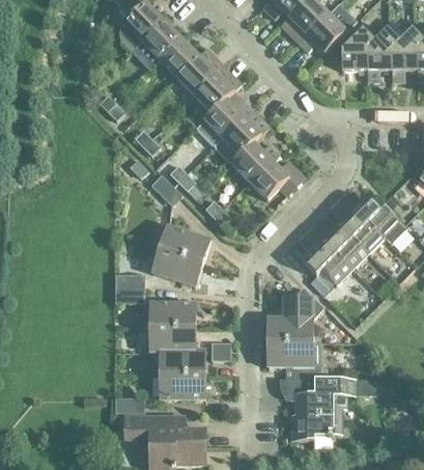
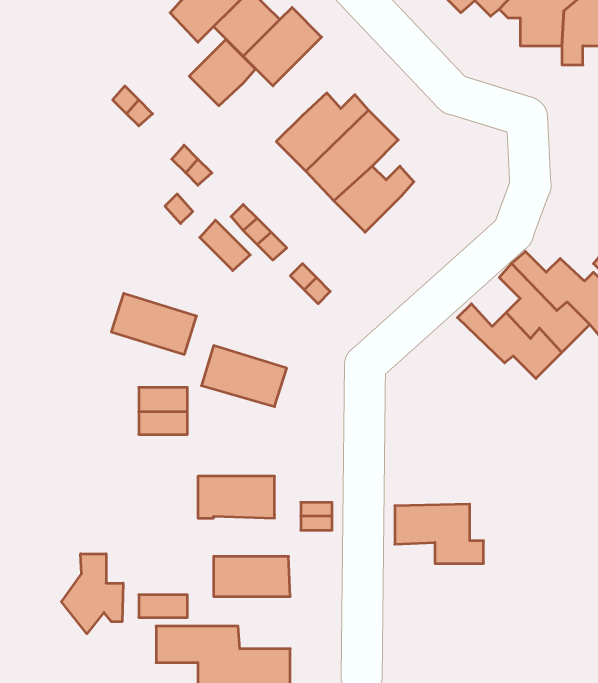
building: [195,73,234,112] -> [189,39,255,106]
building: [250,160,305,199] -> none
building: [160,226,210,262] -> [111,293,197,354]
building: [298,232,351,284] -> none
building: [267,287,322,344] -> none
building: [150,303,196,327] -> none
building: [160,350,204,375] -> none
building: none -> [61,554,123,634]
building: [279,379,371,439] -> none

